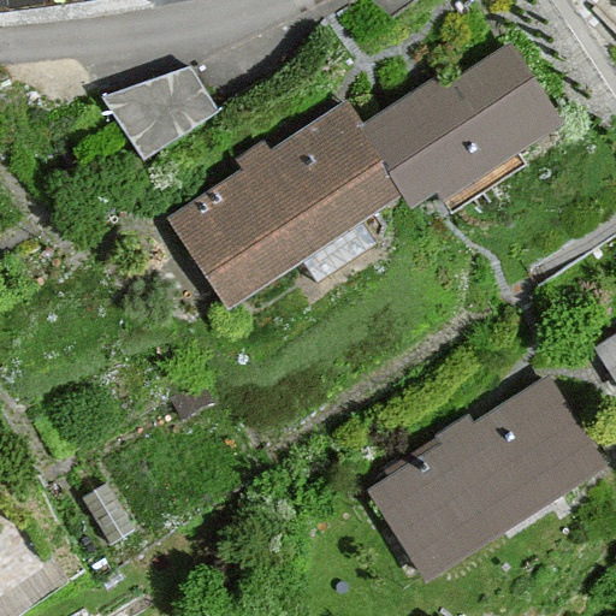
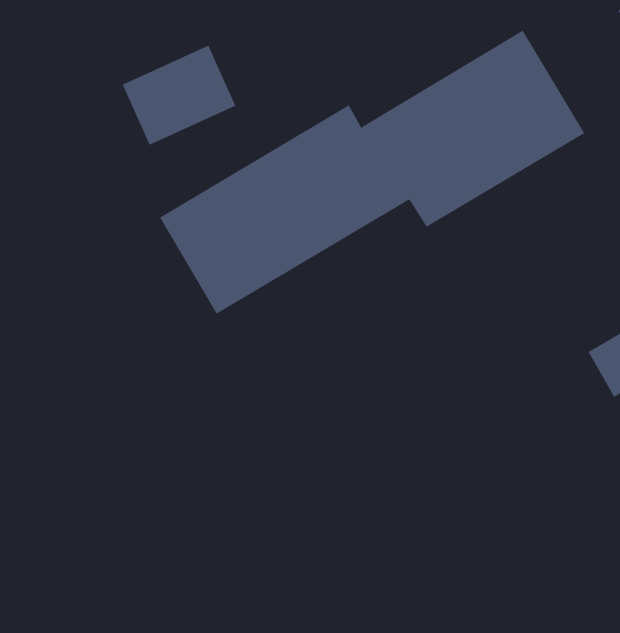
building: [350,383,590,585] -> none

